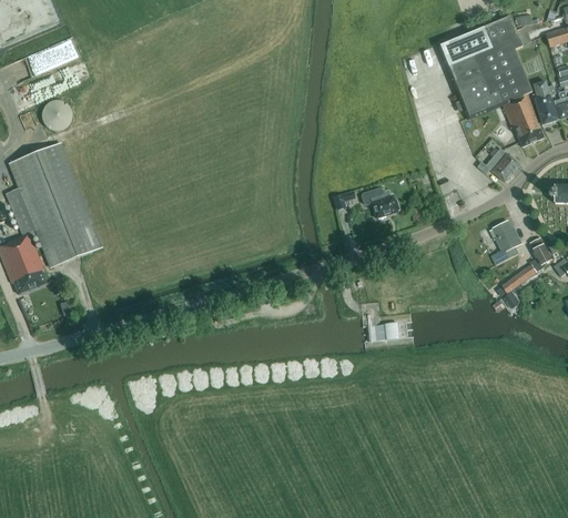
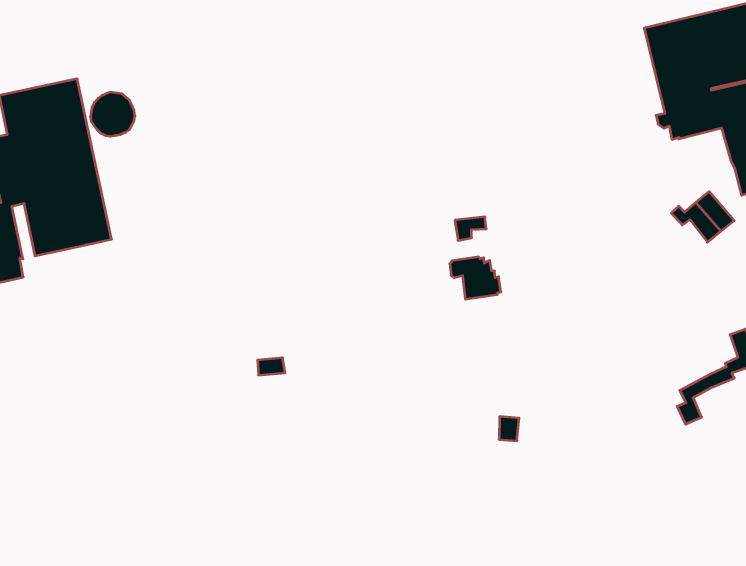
building: [42,100,72,130] -> [90,92,135,136]
building: [362,187,399,217] -> [450,257,501,299]
building: [490,221,521,263] -> none

